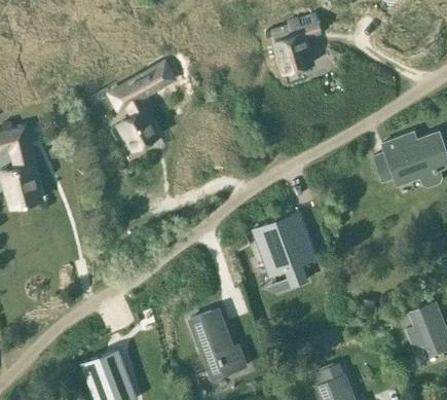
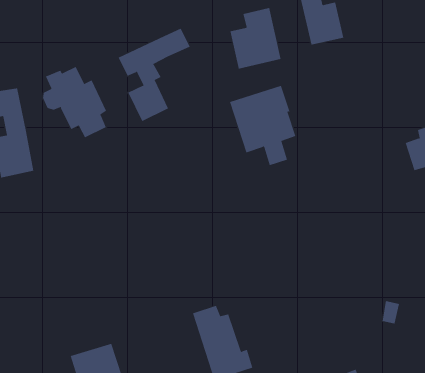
building: none -> [230,7,281,70]
building: none -> [43,66,107,138]
building: [253,214,314,287] -> [229,85,296,166]

